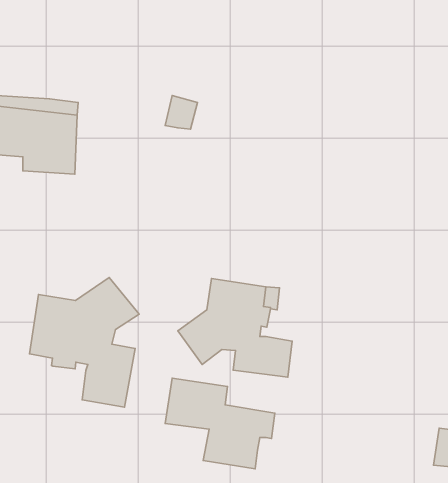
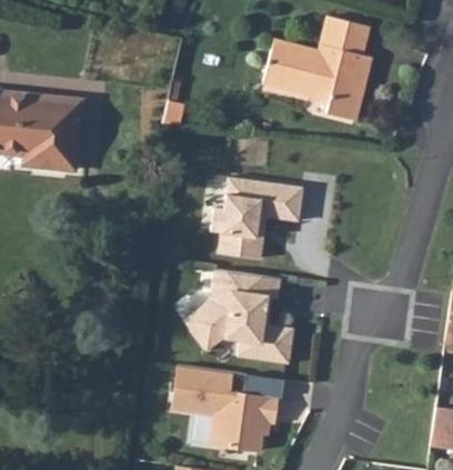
building: none -> [261,18,370,126]
building: none -> [213,176,306,258]
building: [29,277,139,407] -> none

